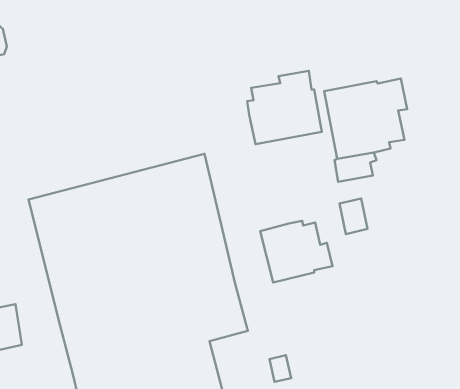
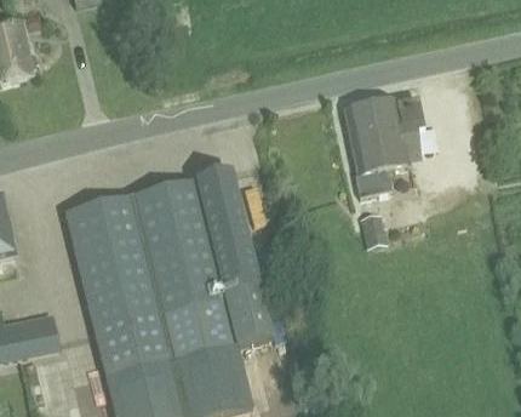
building: [247,71,322,144] -> none
building: [260,221,332,282] -> none

